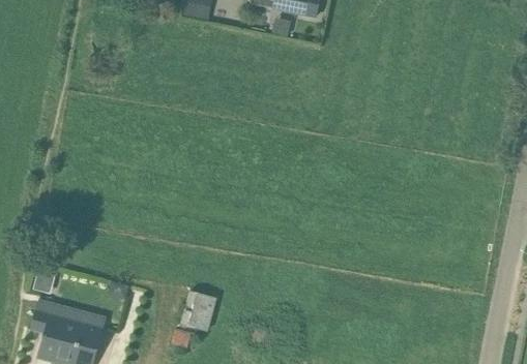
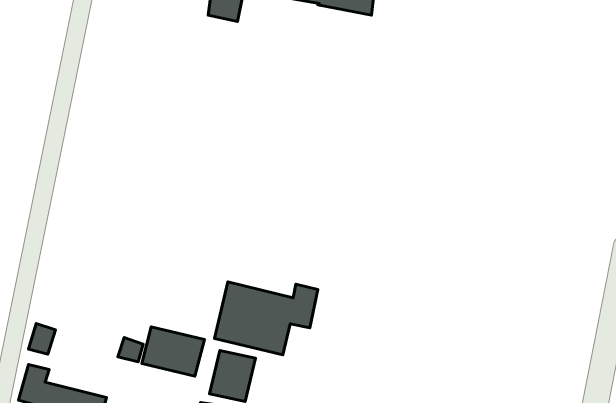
building: none -> [214,282,318,355]
building: none -> [142,327,205,376]

